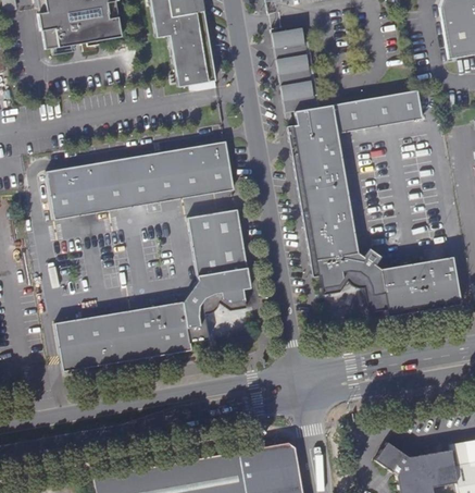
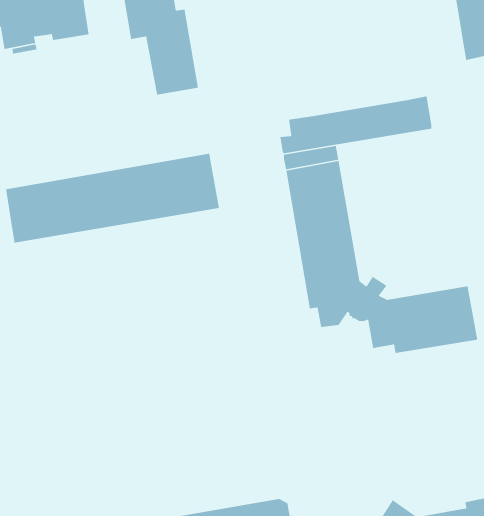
building: [272,26,316,112] -> none
building: [55,208,250,371] -> none

